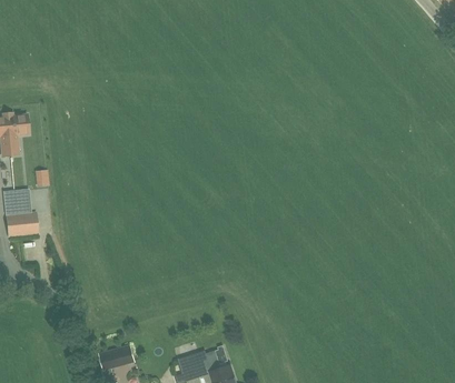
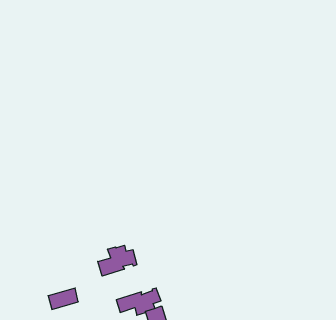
building: none -> [98,245,137,276]

